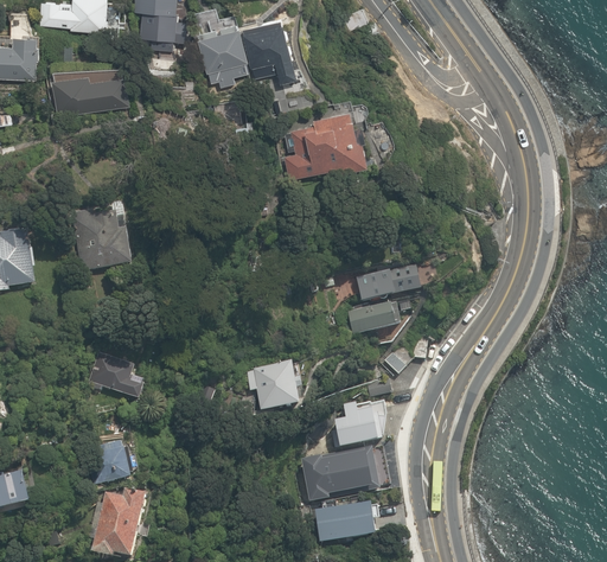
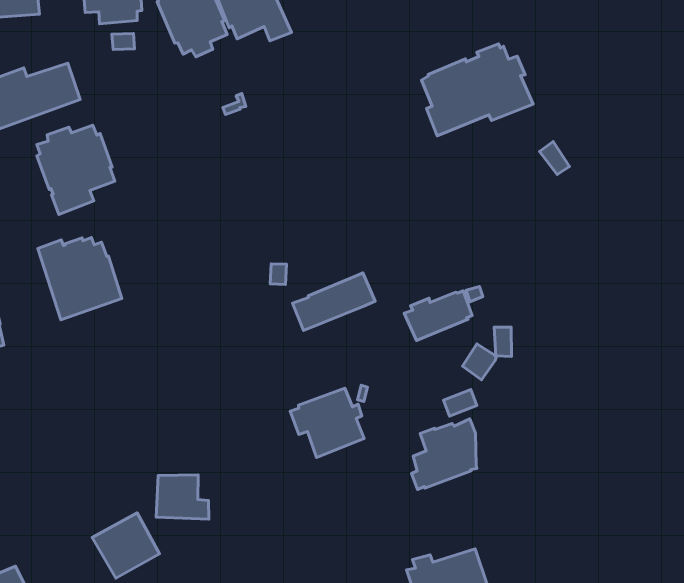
building: [285,116,368,179] -> [422,44,533,136]
building: none -> [37,125,115,215]
building: [357,264,421,301] -> [293,273,375,331]
building: [91,351,134,391] -> [156,475,209,519]
building: [301,446,391,504] -> none

